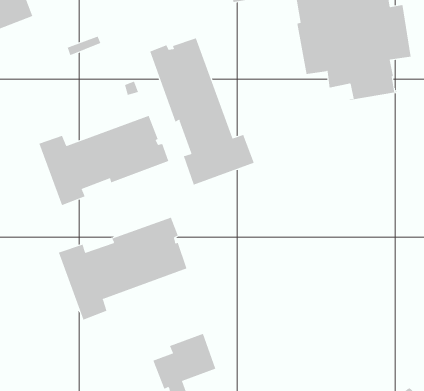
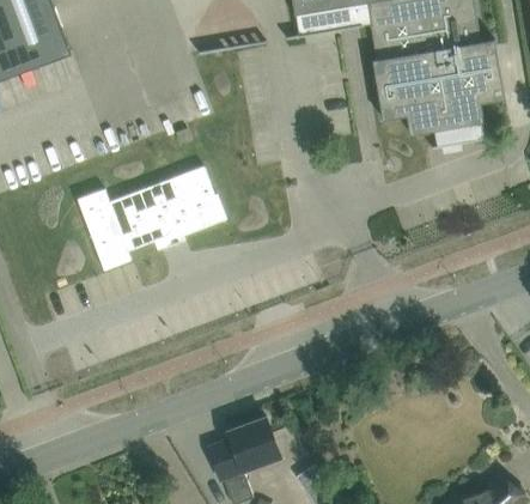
building: [150,38,254,185] -> none
building: [58,217,187,320] -> none

